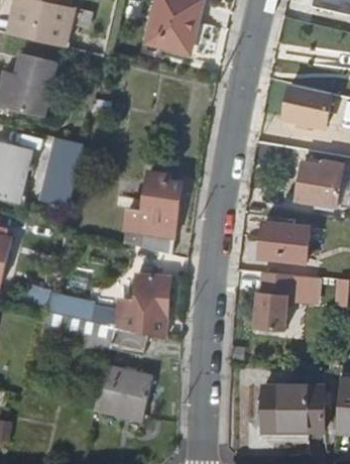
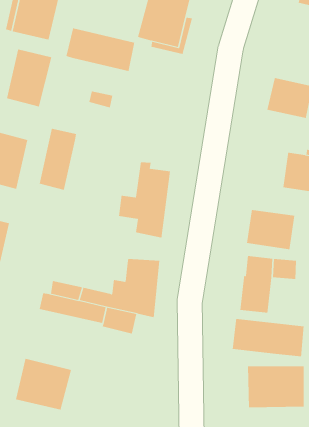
building: none -> [66,27,135,72]
building: none -> [232,318,304,357]
building: [94,364,153,419] -> [15,358,72,410]

